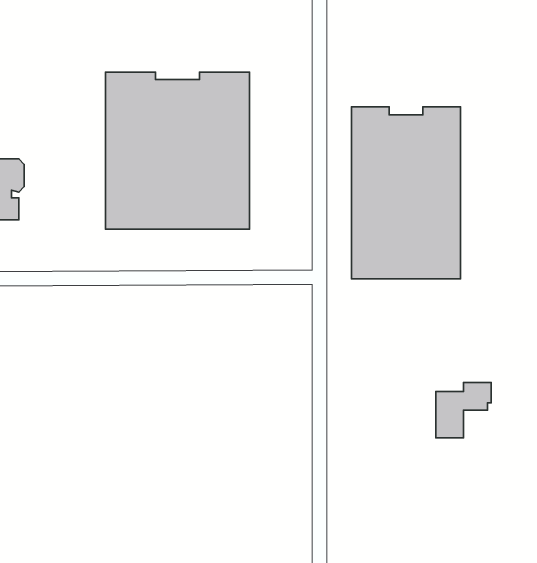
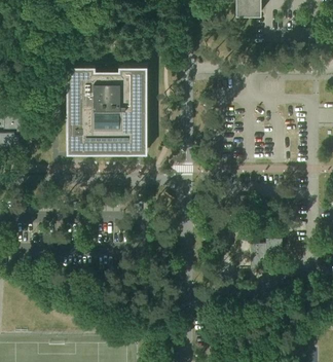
building: [351,107,460,279] -> none

